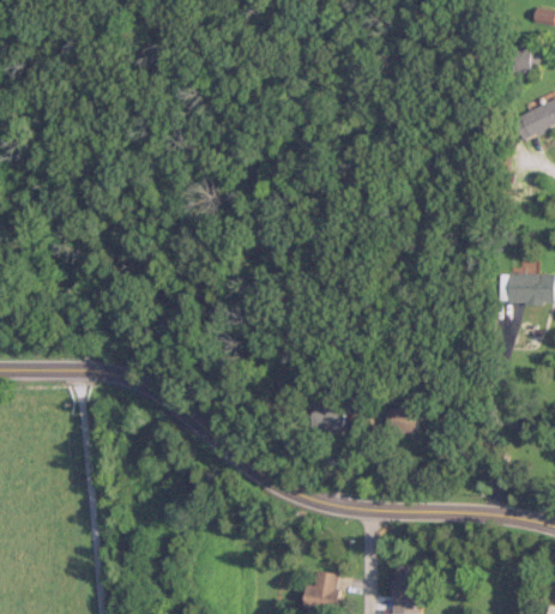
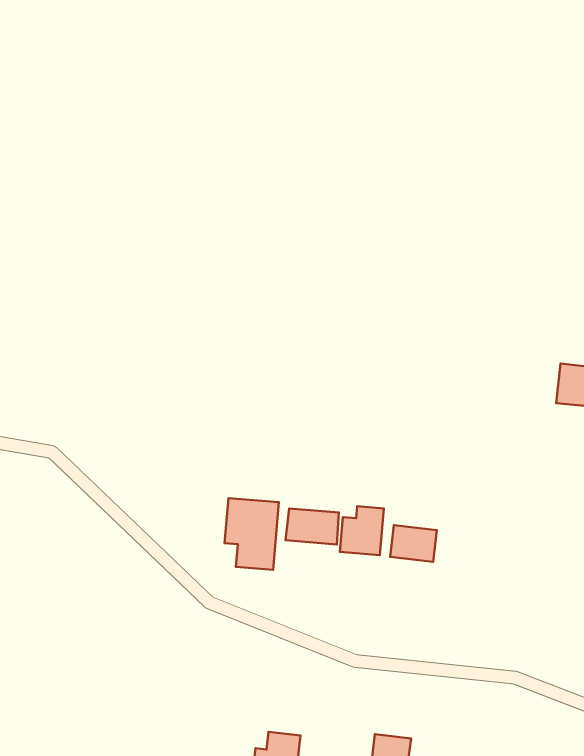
building: none -> [340,506,384,555]
building: none -> [225,498,279,570]

